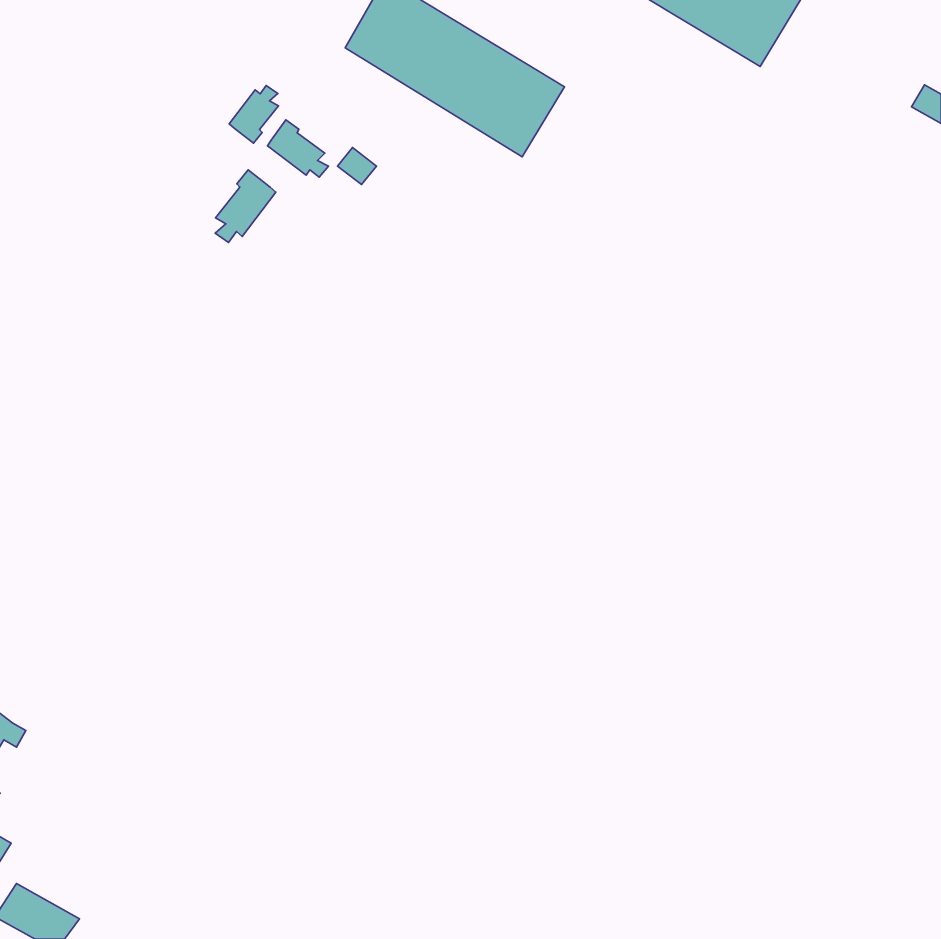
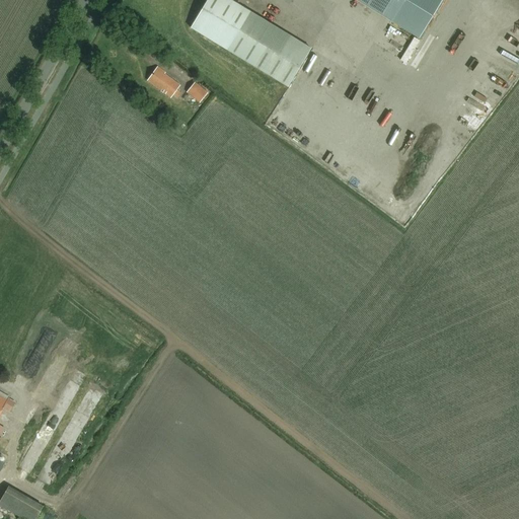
building: [229,86,278,143] -> none
building: [215,170,276,242] -> none

